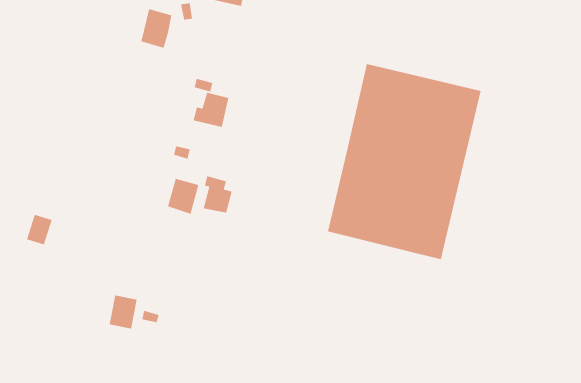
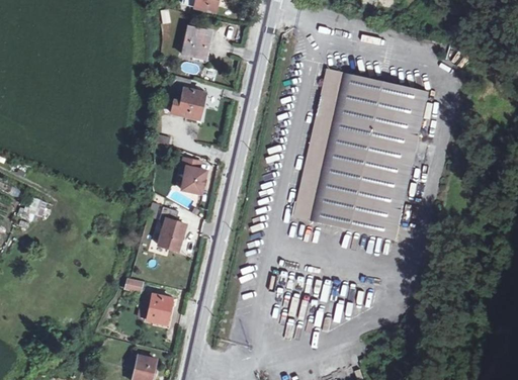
building: [140,8,172,48] -> [182,24,210,60]
building: [167,178,199,215] -> [158,218,186,251]
building: [109,295,137,329] -> [147,293,172,323]

